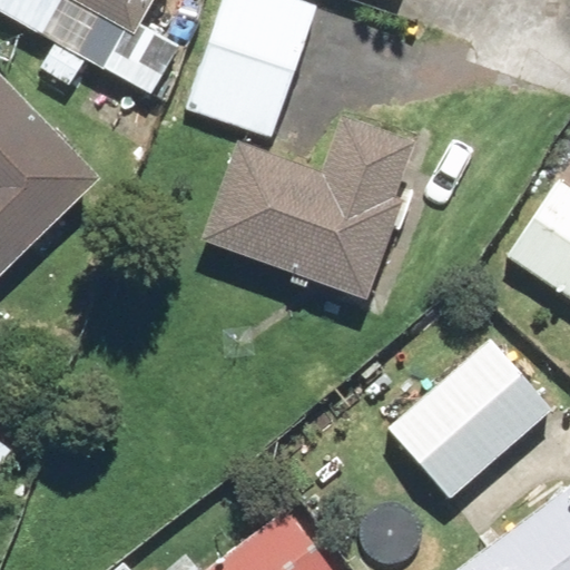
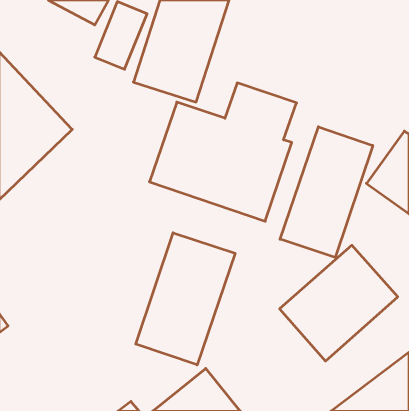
building: none -> [280,127,373,257]
building: none -> [136,233,235,365]

